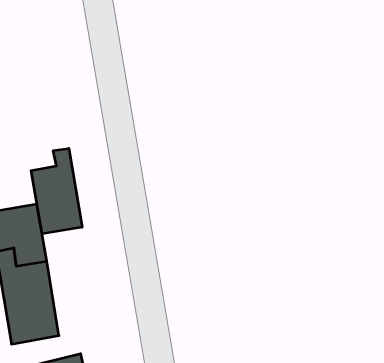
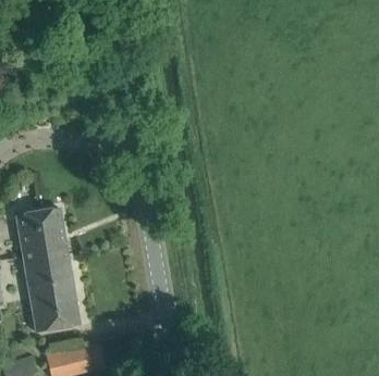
building: [31,148,82,234] -> none

